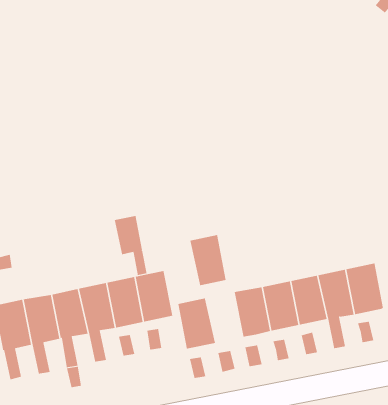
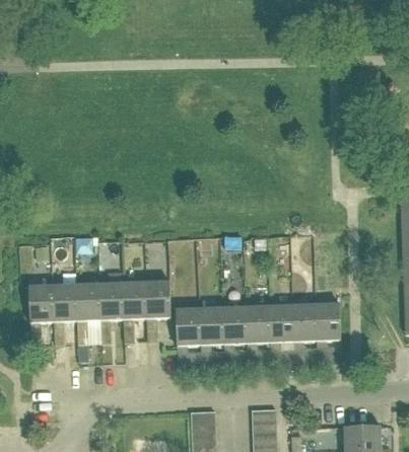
building: [114,215,147,276] -> none
building: [190,235,227,286] -> [199,306,223,345]

